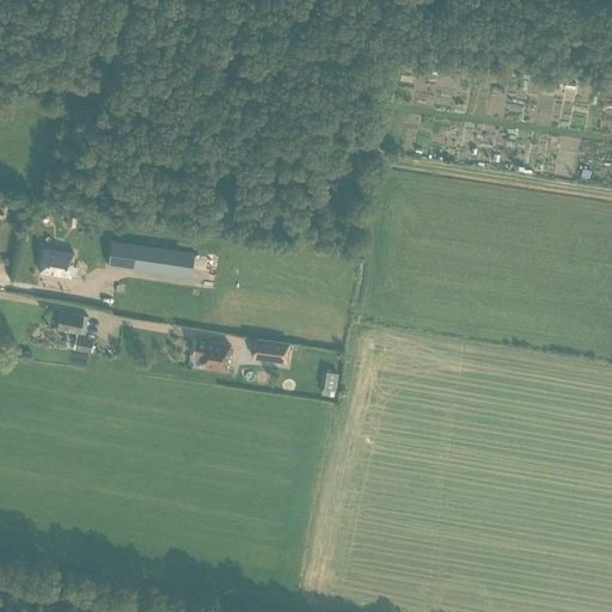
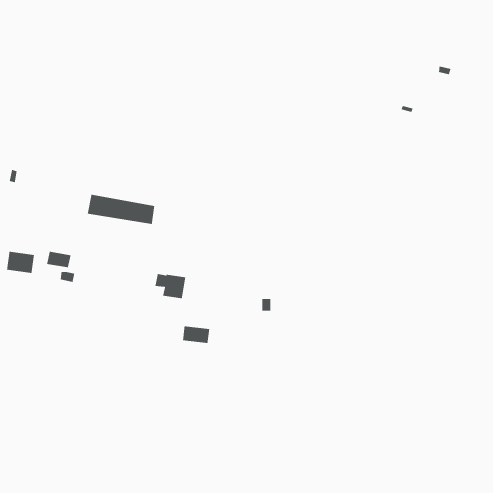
building: [38,247,74,276] -> [6,251,35,274]
building: [253,338,288,361] -> [182,326,210,344]

